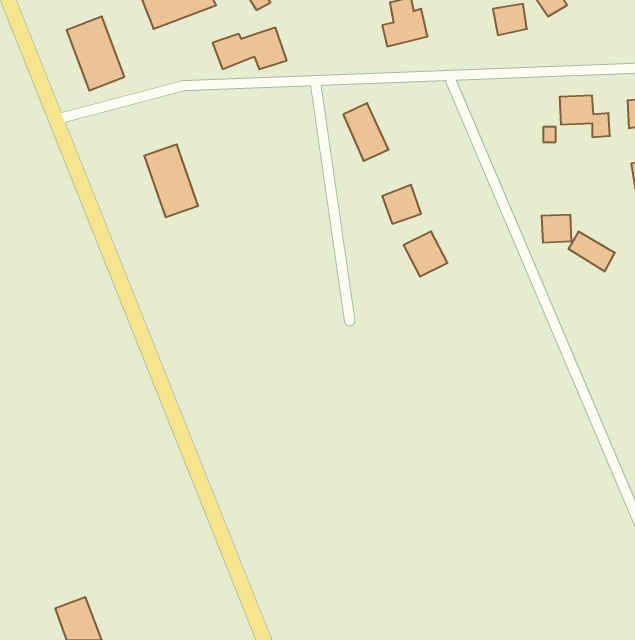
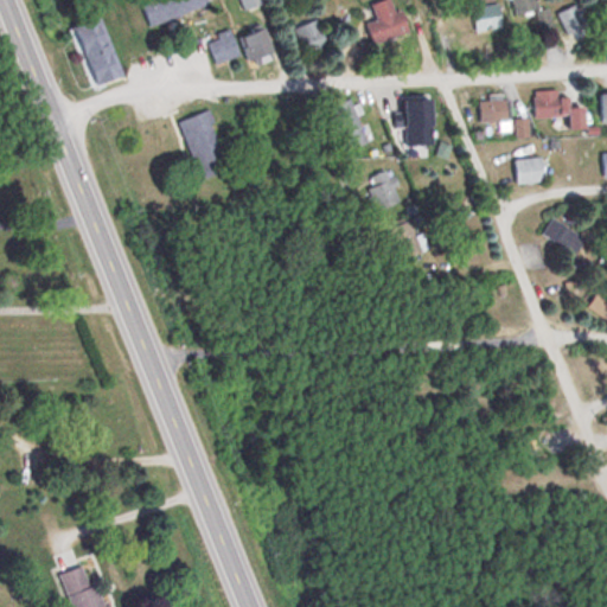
building: none -> [558,5,593,39]
building: none -> [296,17,334,56]
building: none -> [479,98,517,130]
building: none -> [403,100,433,142]
building: [144,144,198,217] -> [180,110,231,179]
building: [541,215,572,242] -> [516,158,544,184]

